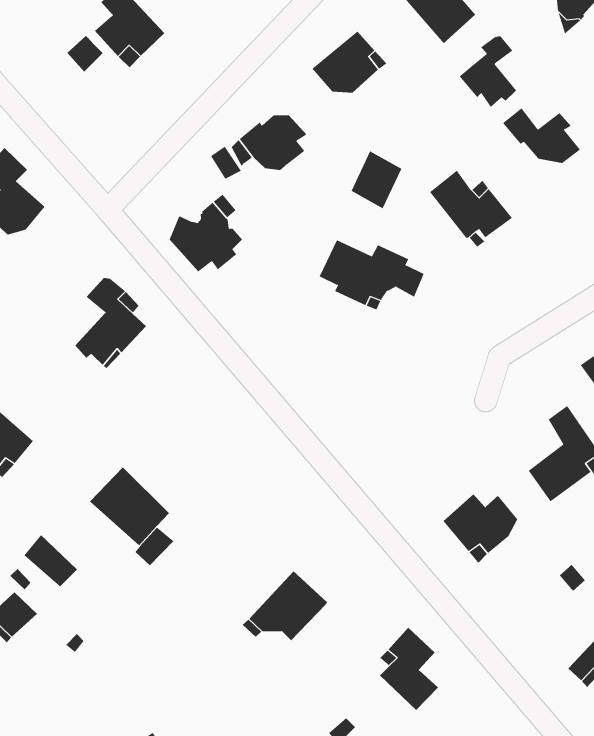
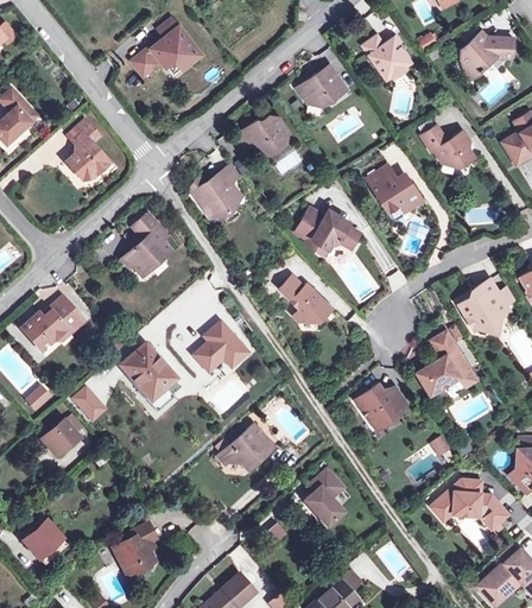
building: [459,36,517,108] -> none
building: [351,150,402,209] -> none
building: none -> [279,277,331,323]
building: none -> [196,323,249,372]

